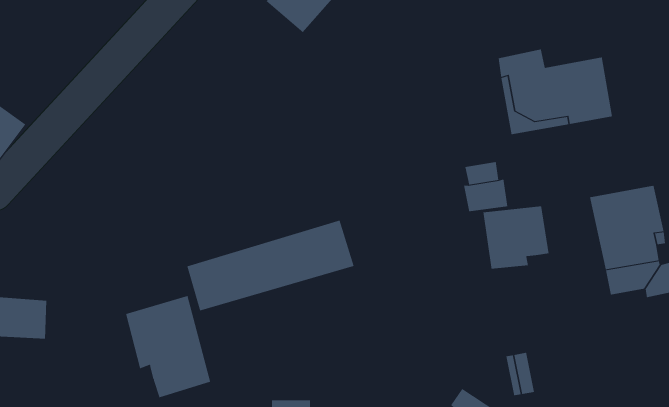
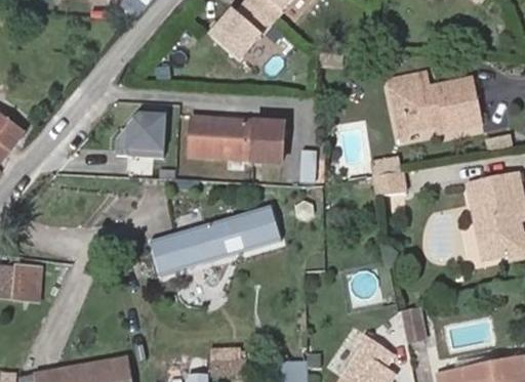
building: none -> [118,107,169,157]
building: none -> [193,116,285,172]
building: [483,206,549,270] -> none
building: [125,295,211,398] -> none

